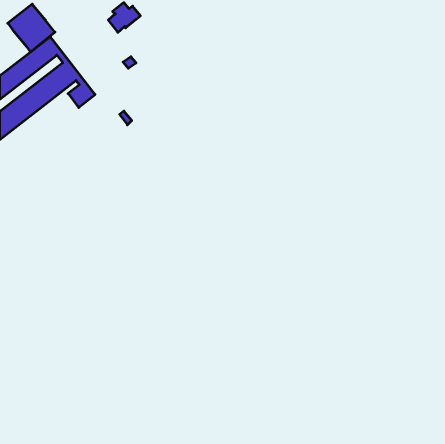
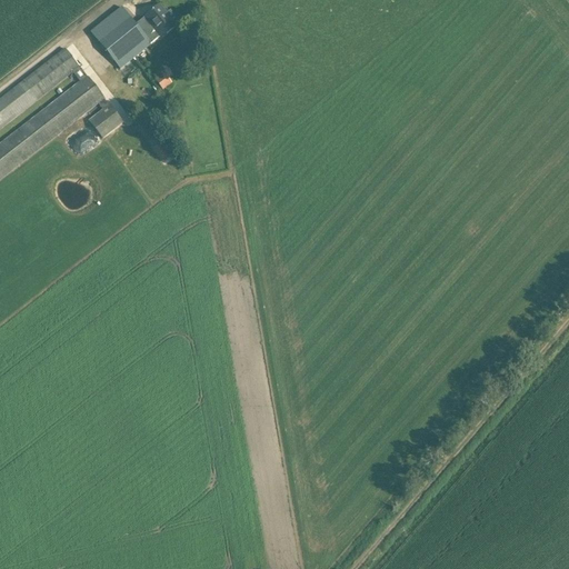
building: [8,4,55,52] -> [90,6,150,67]

